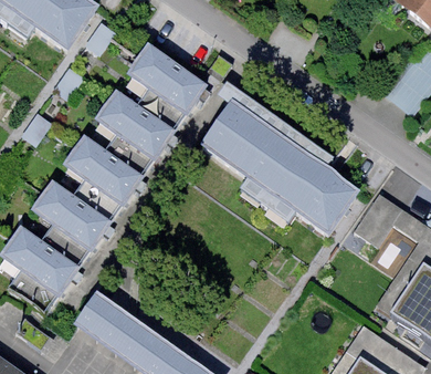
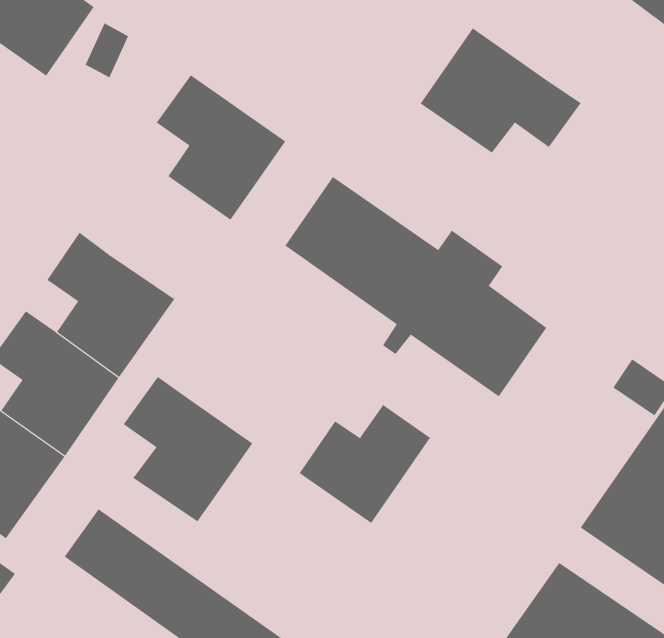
building: none -> [420,27,581,154]
building: [98,91,174,175] -> [123,376,253,522]
building: [354,193,404,248] -> none
building: none -> [299,404,431,524]

